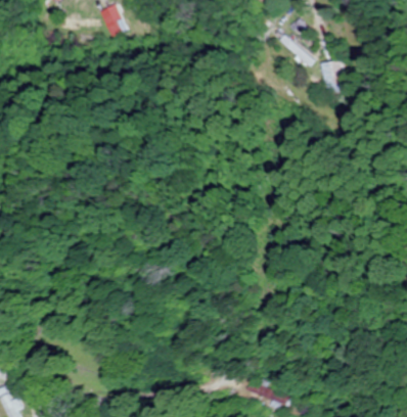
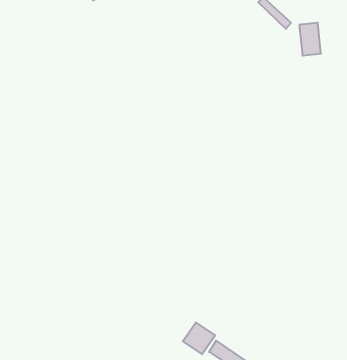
building: none -> [183,322,215,354]

